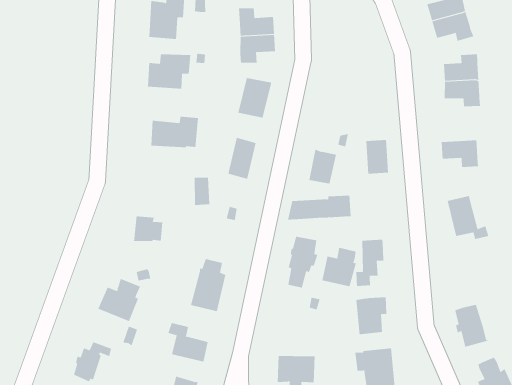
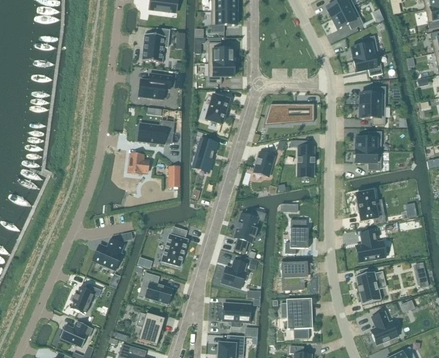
building: none -> [354,130,381,149]
building: [287,195,351,220] -> [266,103,314,119]
building: [133,216,163,242] -> [127,153,150,173]
building: [322,247,357,287] -> [220,258,247,288]
building: none -> [356,230,386,261]

